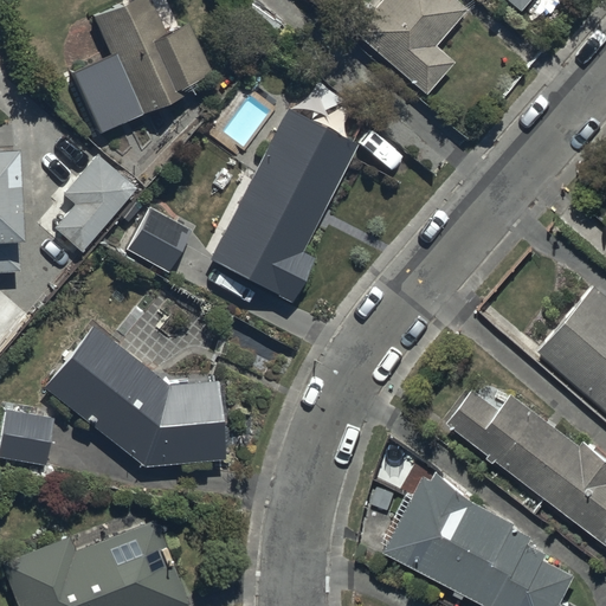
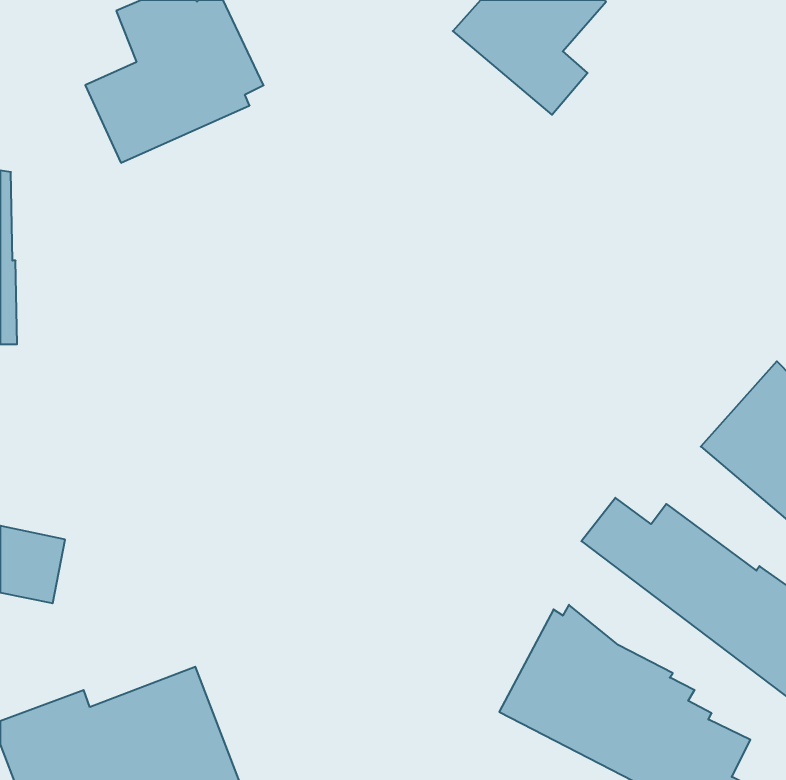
building: [209,107,359,303] -> none
building: [53,156,136,252] -> none
building: [125,211,191,275] -> none
building: [43,327,220,469] -> none

